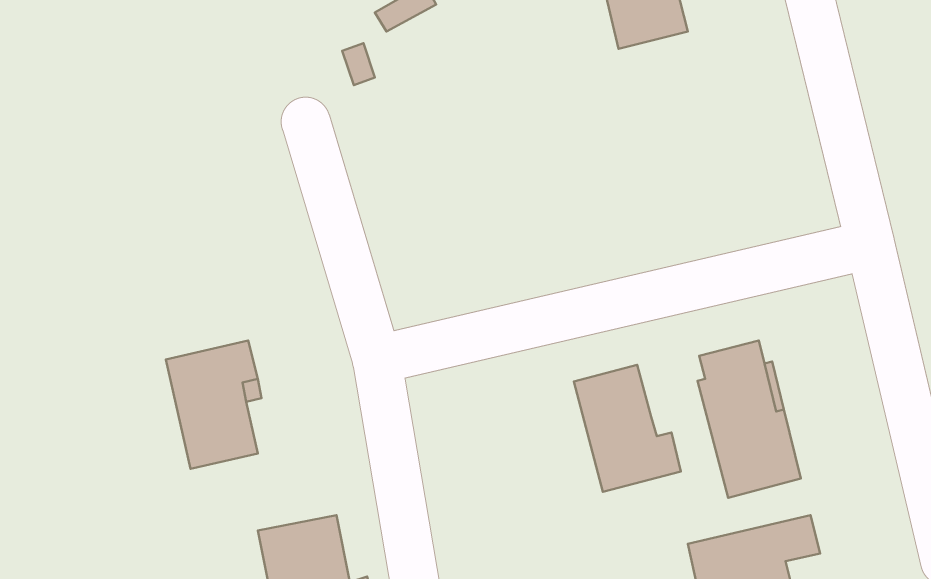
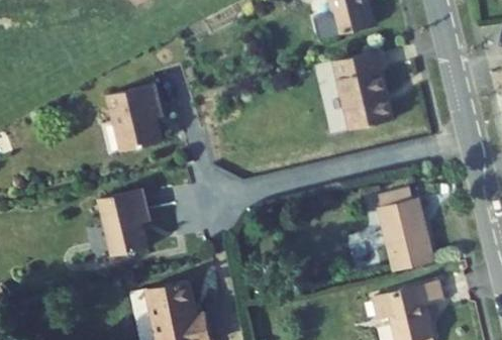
building: none -> [333,49,392,130]
building: none -> [107,84,162,151]
building: [574,365,681,492] -> none

